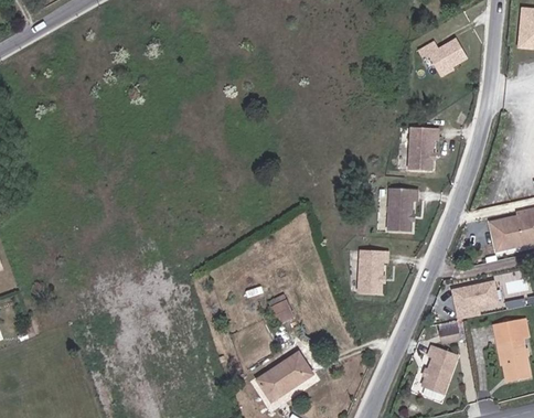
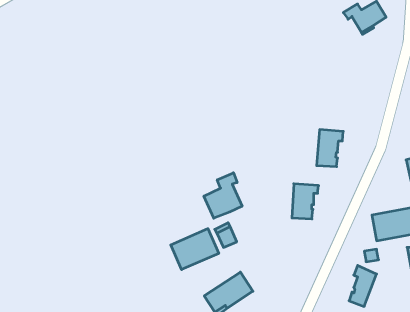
building: [408,127,437,170] -> none
building: none -> [204,173,242,218]
building: none -> [171,229,219,270]

